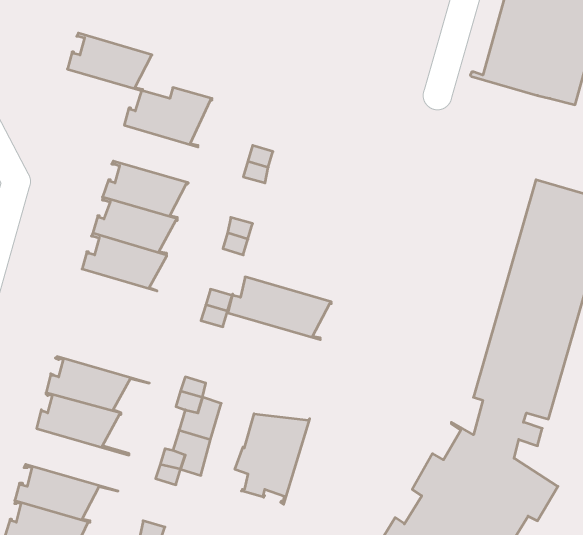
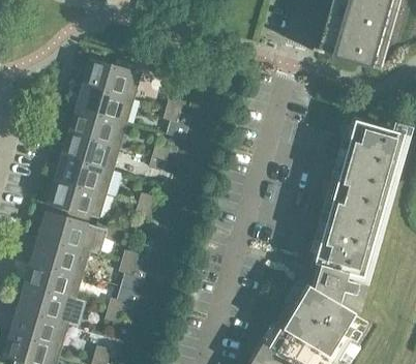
building: [67,33,152,91] -> [77,84,132,122]
building: none -> [49,179,106,218]
building: [228,277,331,340] -> [39,213,108,254]
building: [235,414,310,504] -> none
building: none -> [19,284,87,326]

